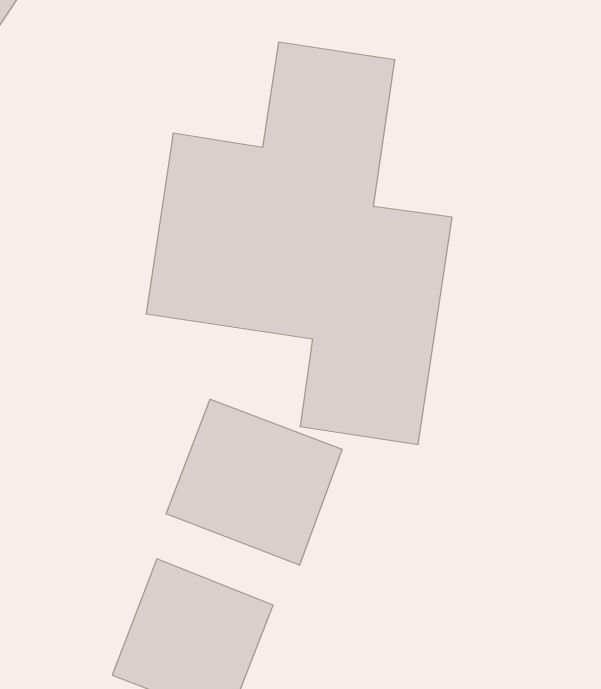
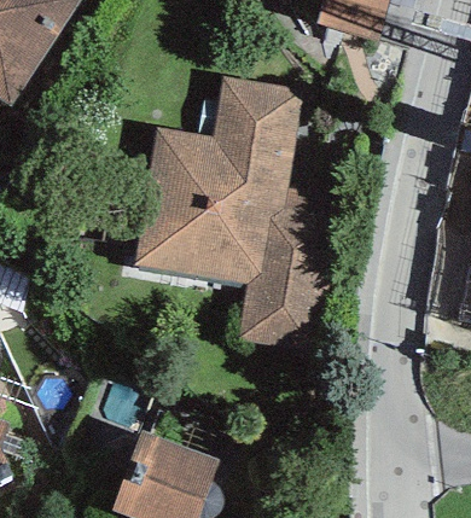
building: [166,399,342,565] -> none

